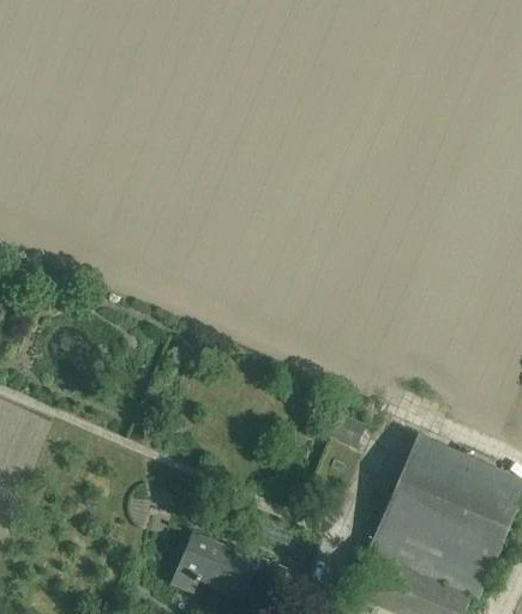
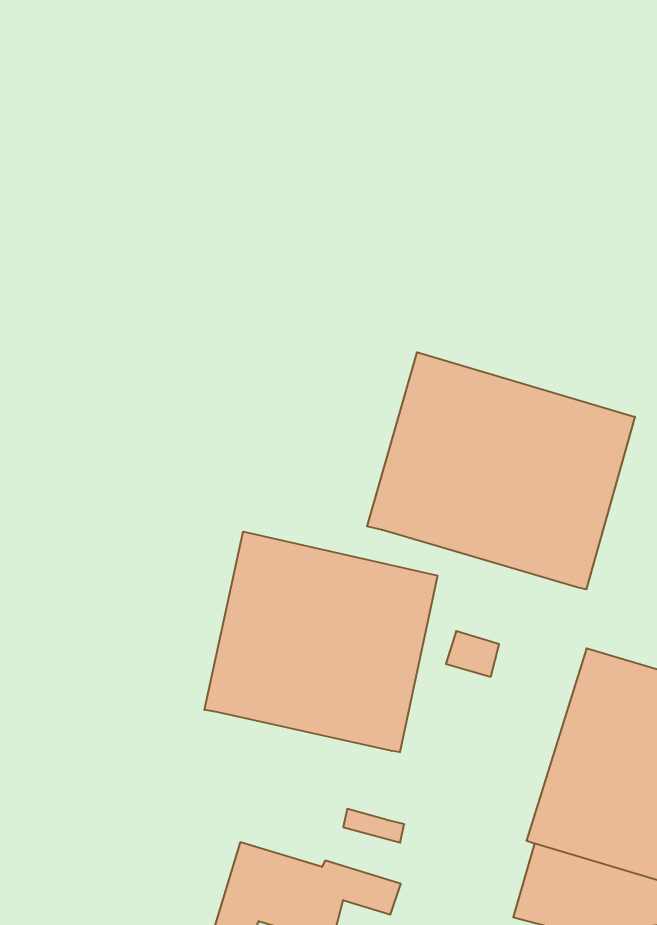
building: none -> [367,352,635,589]
building: none -> [204,532,437,752]

